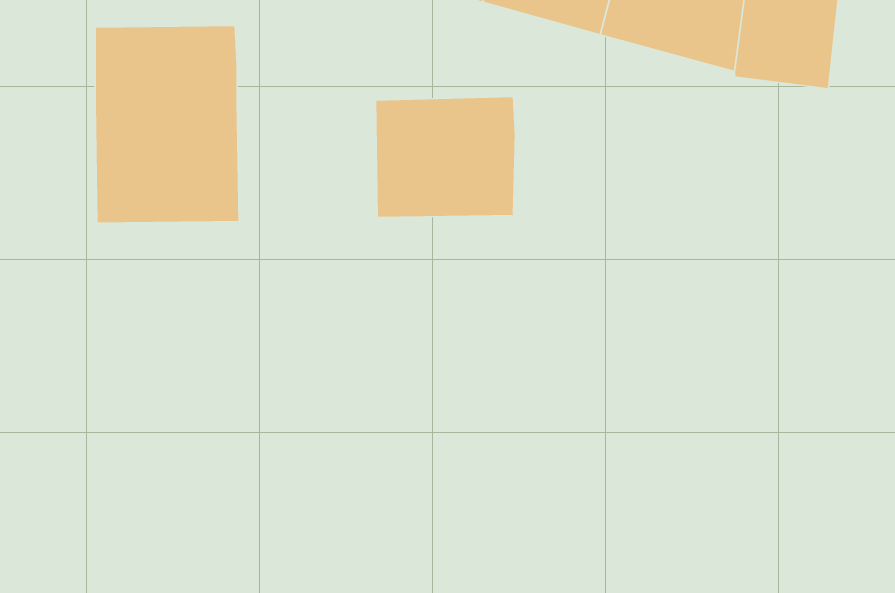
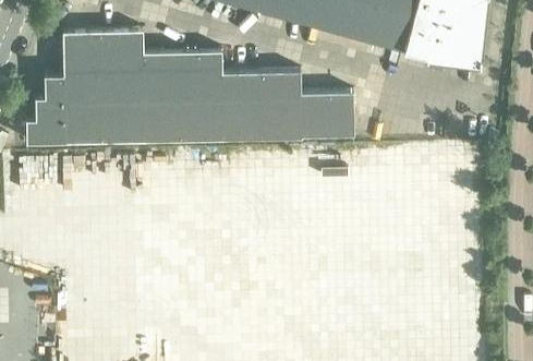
building: none -> [144,52,223,143]
building: none -> [26,76,64,145]
building: none -> [301,94,354,139]

